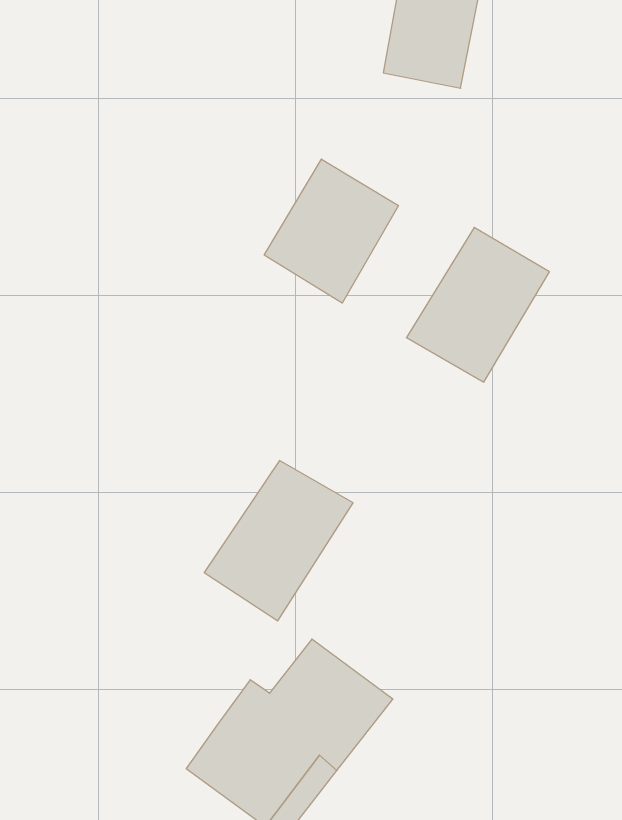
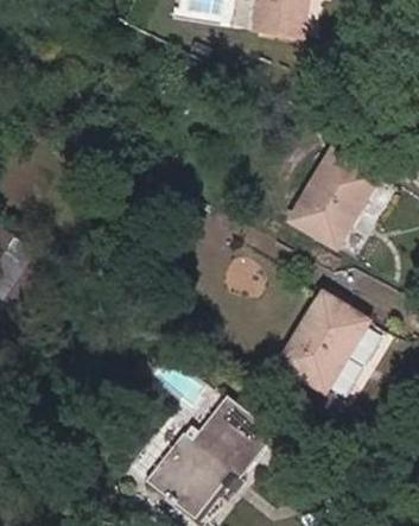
building: [264,159,398,303] -> none
building: [204,460,353,621] -> [275,290,367,388]

